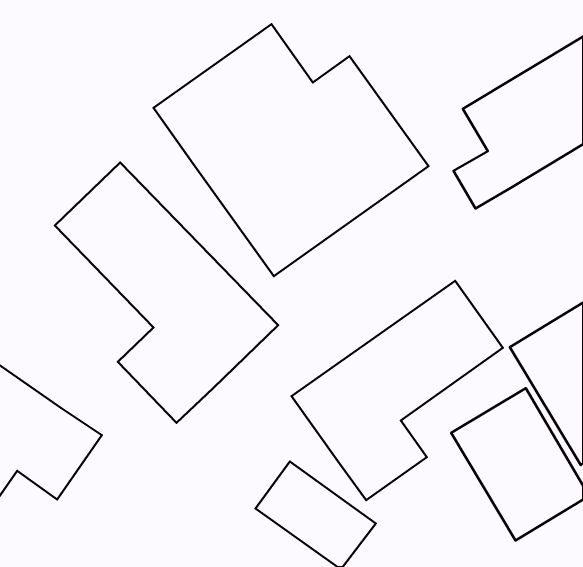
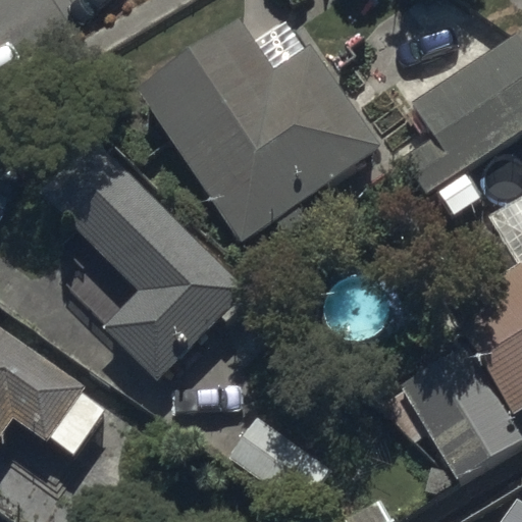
building: [292,281,503,500] -> none

